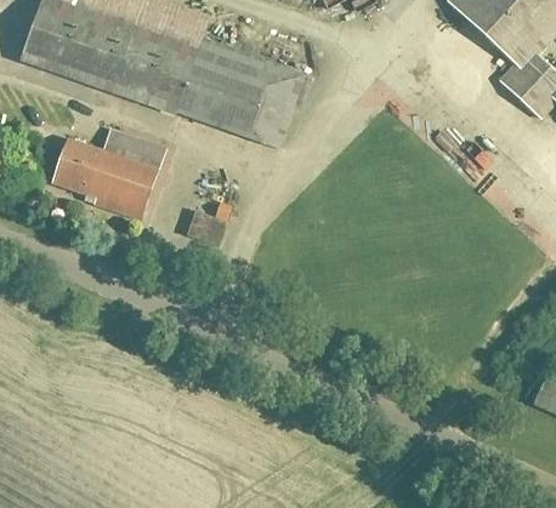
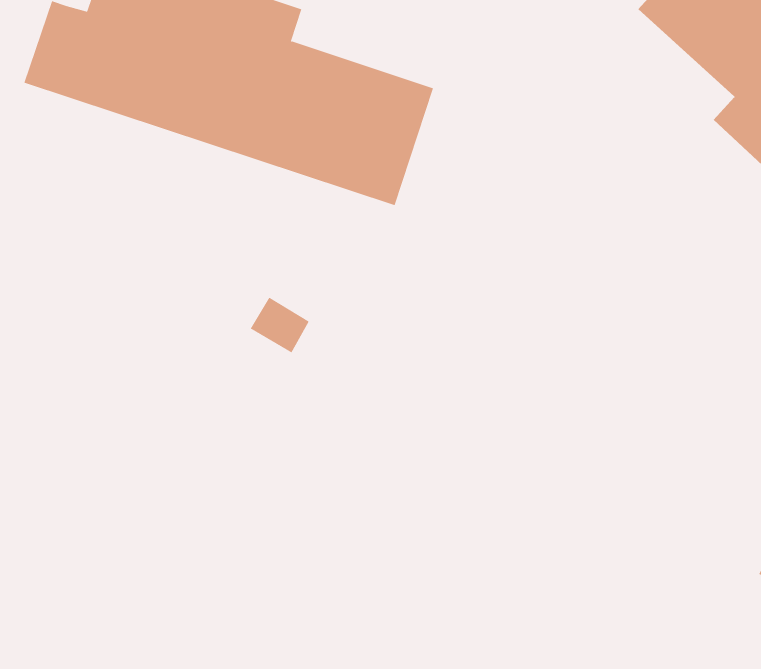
building: [52,133,159,213] -> none

